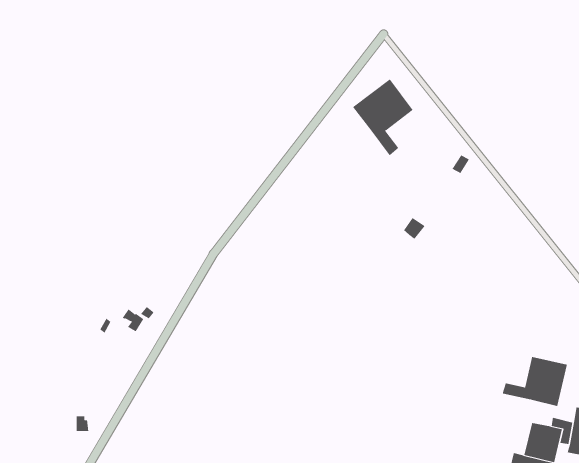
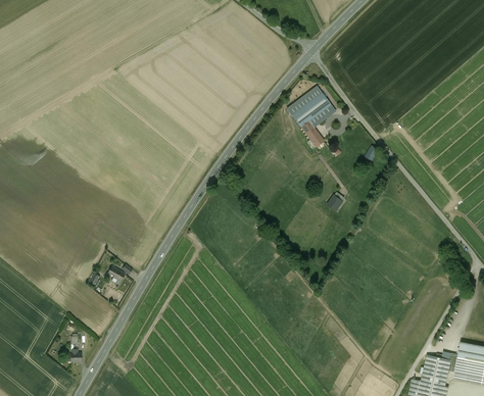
building: [502,356,567,407] -> none

